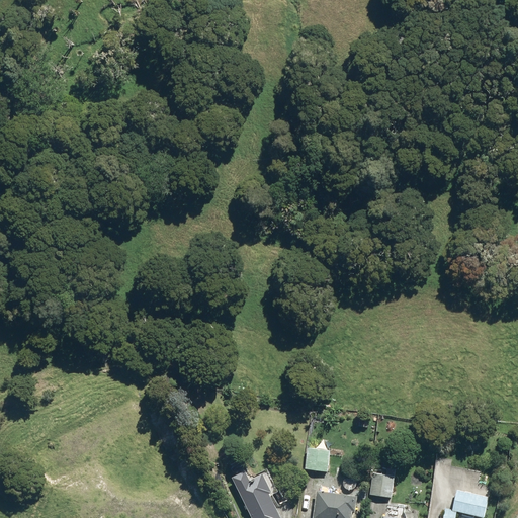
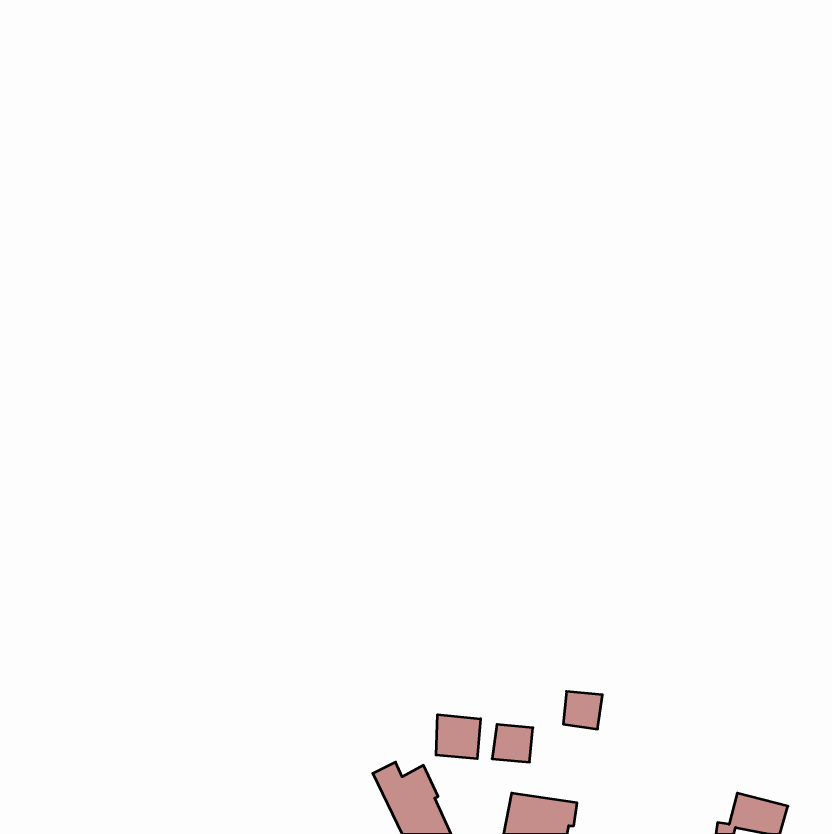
building: none -> [436,715,481,759]
building: [370,473,395,497] -> [563,691,602,729]

